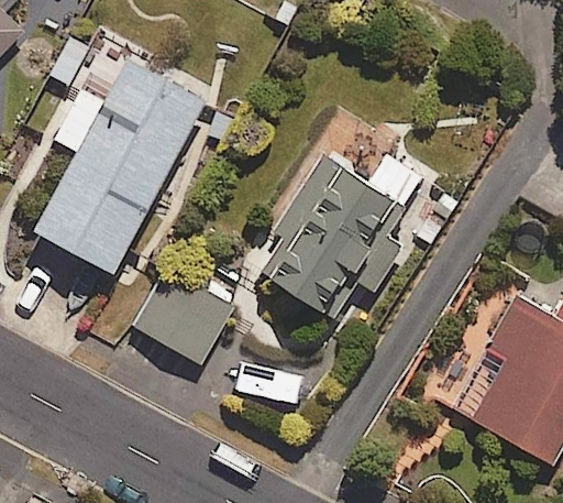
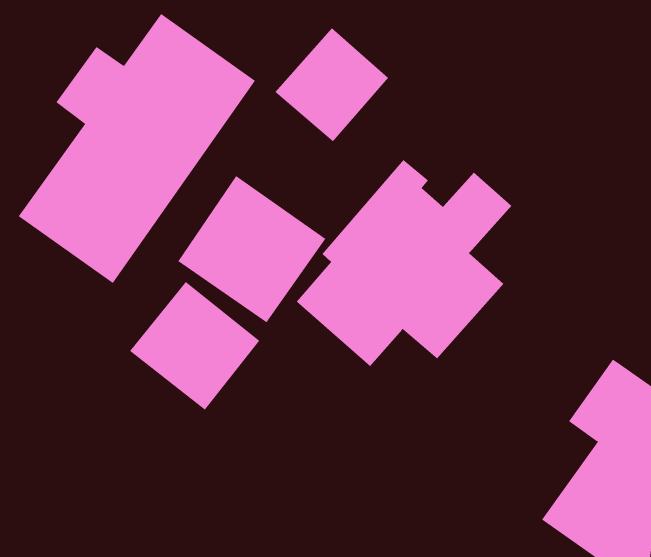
building: none -> [275,27,389,142]
building: none -> [177,175,326,323]

